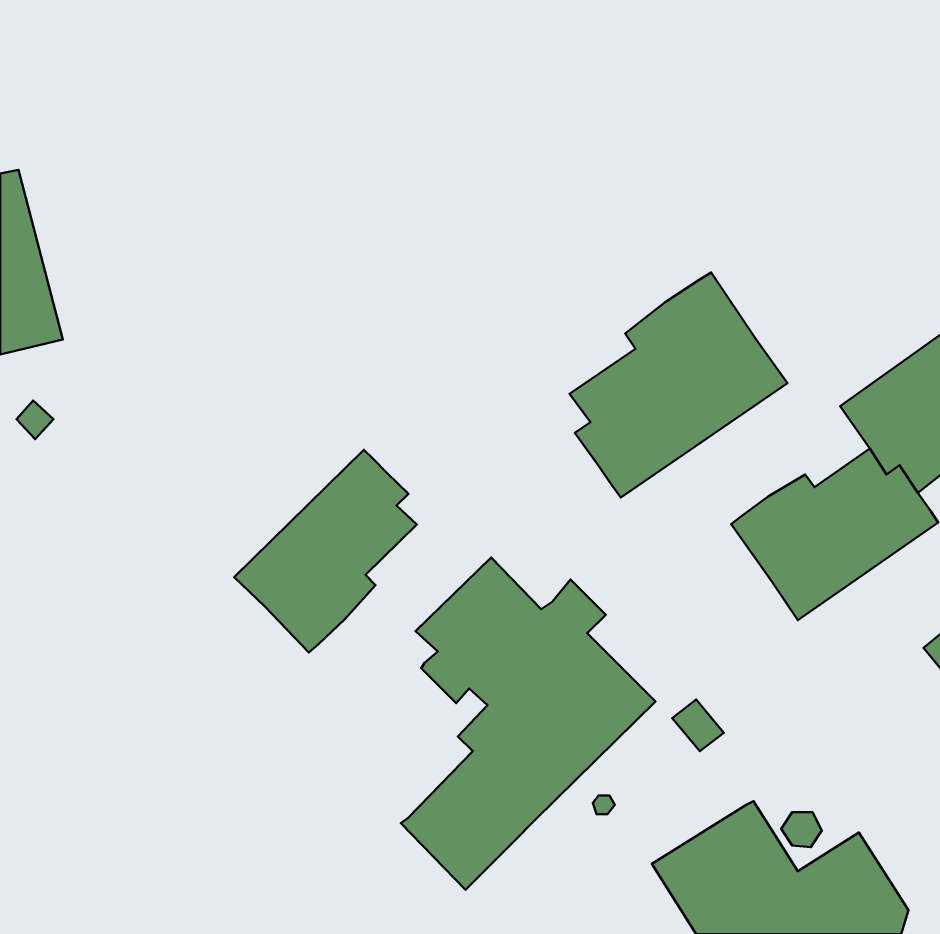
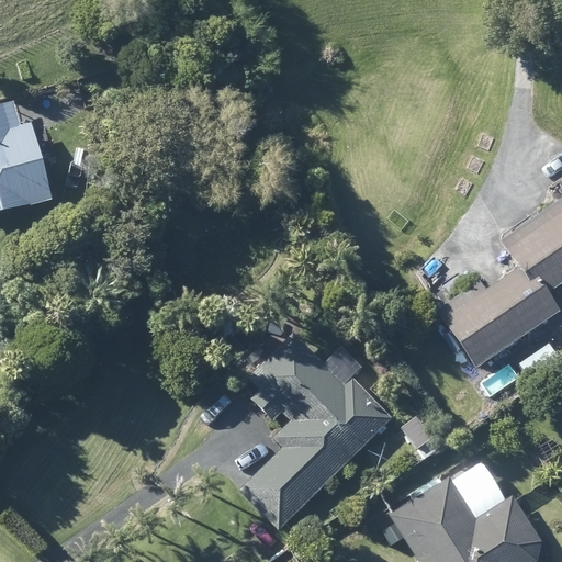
building: [569,273,788,498] -> none
building: [234,450,417,653] -> none

